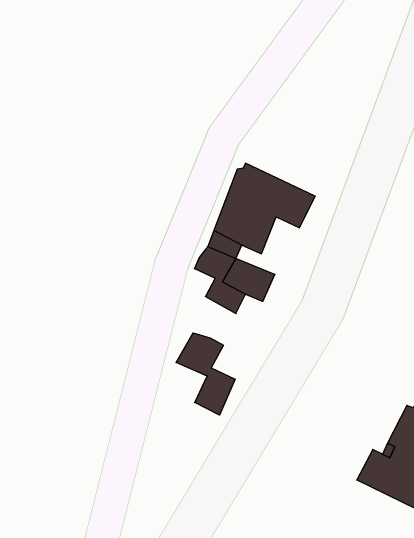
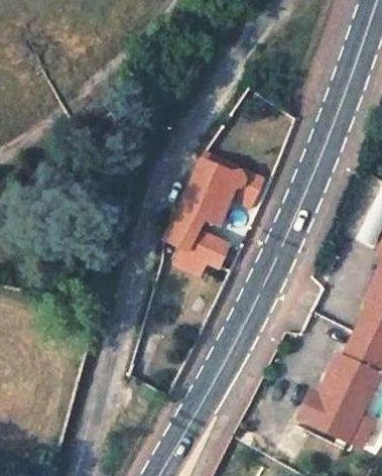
building: [176,333,235,415] -> none

